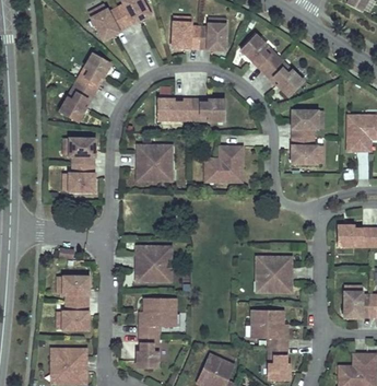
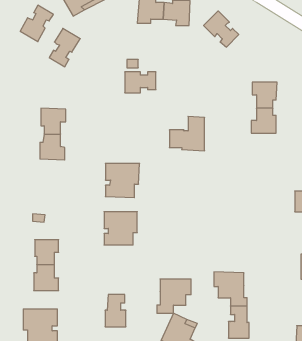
building: [264,59,303,96] -> none
building: [59,83,94,121] -> [20,5,53,42]
building: [190,98,224,120] -> none
building: [137,144,173,180] -> [105,163,140,198]
building: [256,256,292,292] -> none
building: [140,297,176,334] -> [157,279,191,313]

